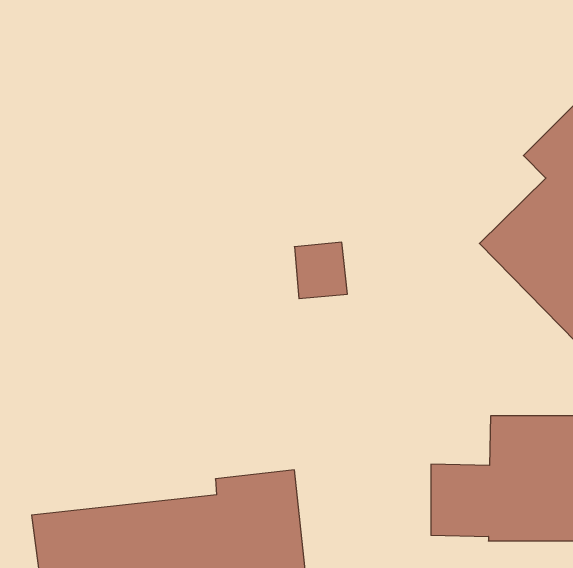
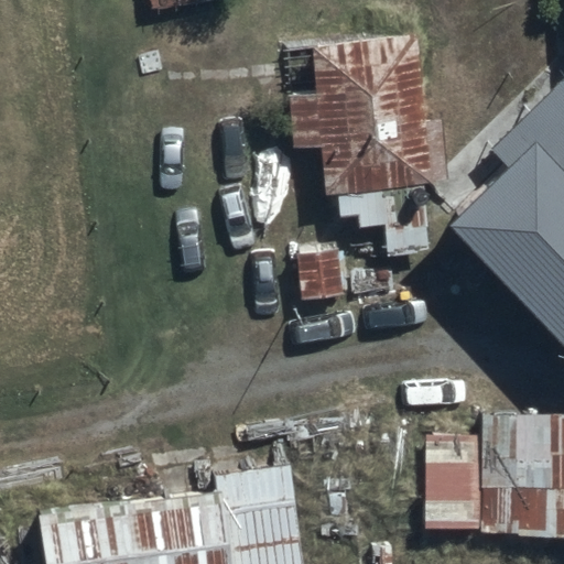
building: none -> [288,32,445,257]

